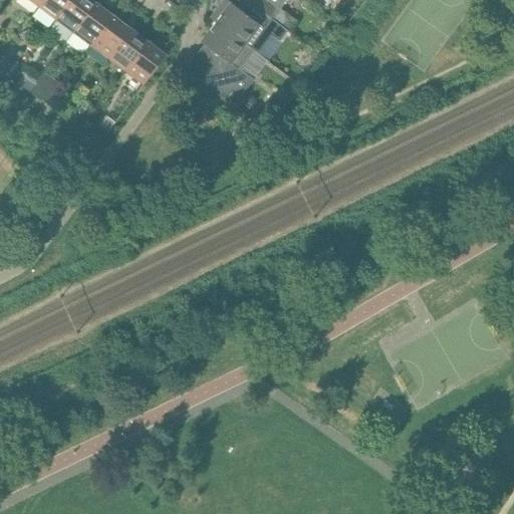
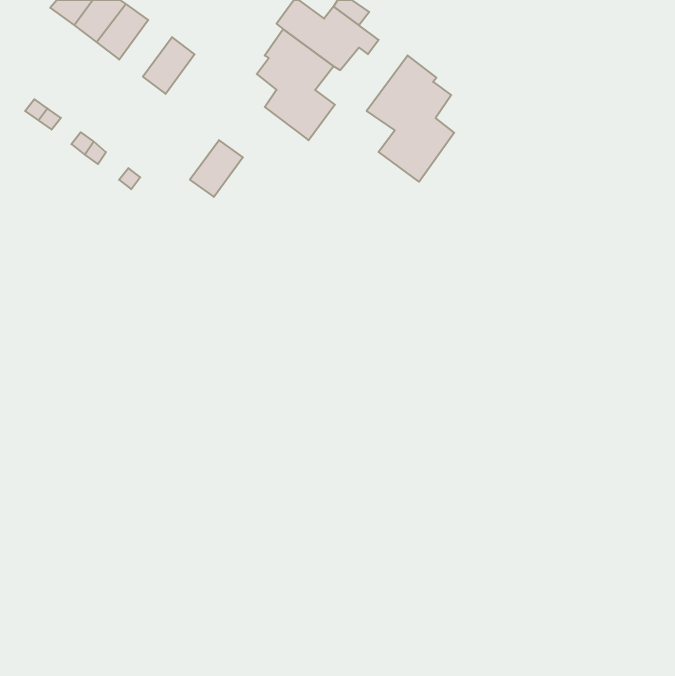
building: [91,15,132,58] -> none
building: [126,41,167,84] -> [190,140,243,197]
building: none -> [367,55,454,182]

